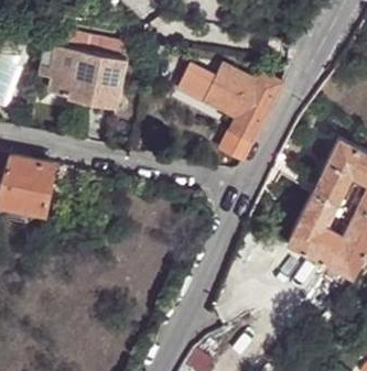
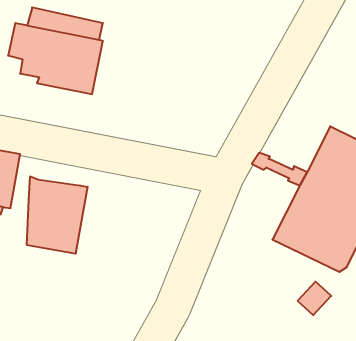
building: [182,62,281,157] -> none
building: none -> [27,176,88,254]

